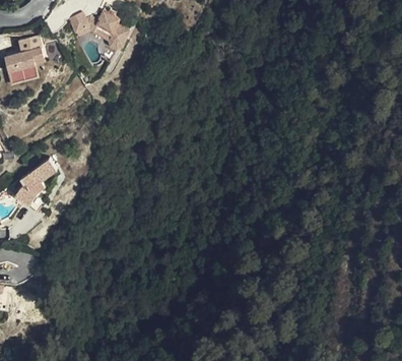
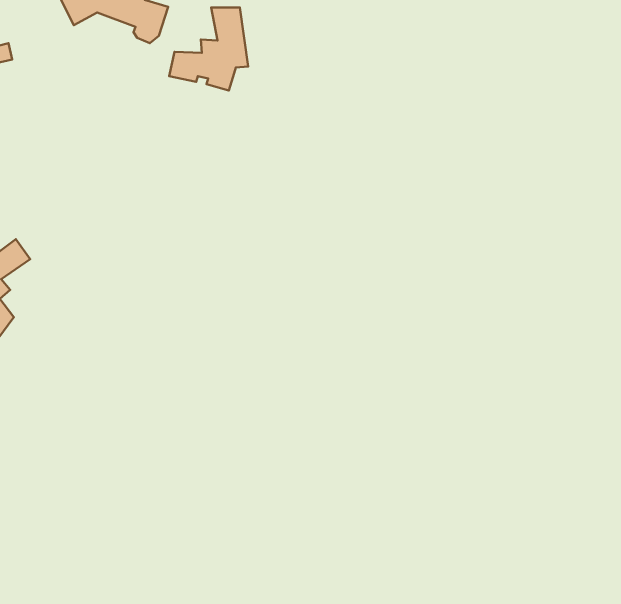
building: none -> [169,7,248,90]

